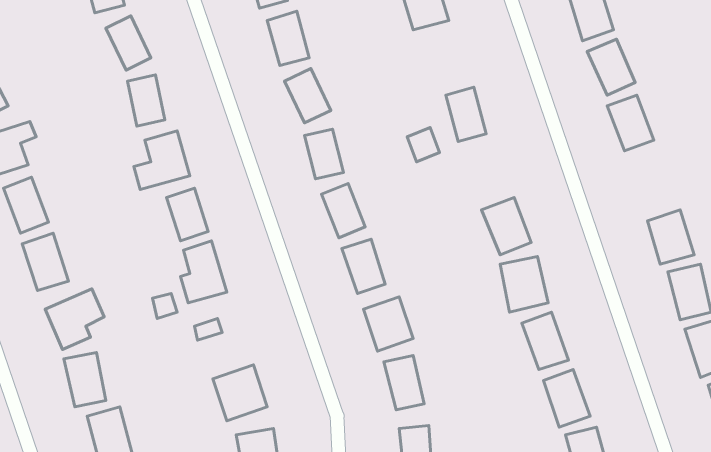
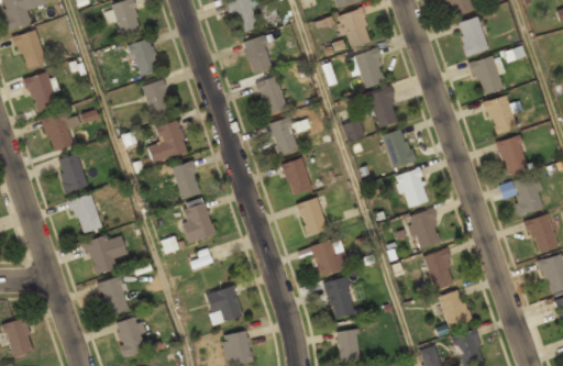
building: none -> [351,48,386,88]
building: none -> [384,130,411,166]
building: none -> [496,134,529,174]

